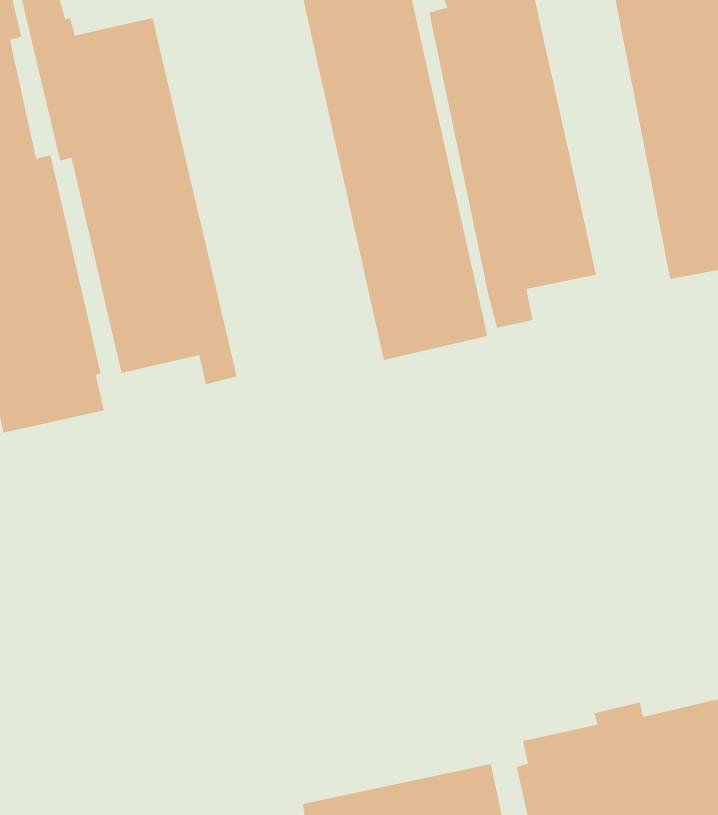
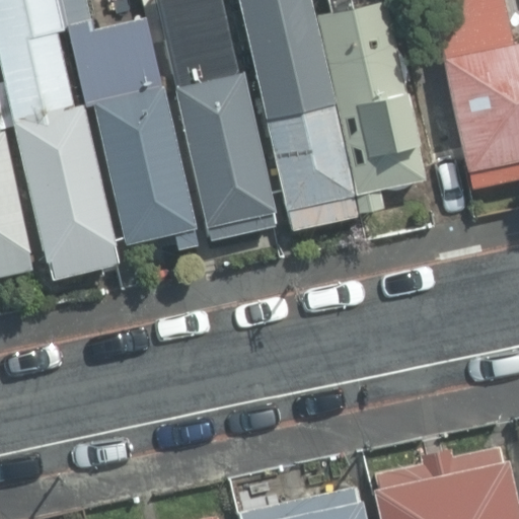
building: none -> [169,31,277,239]

